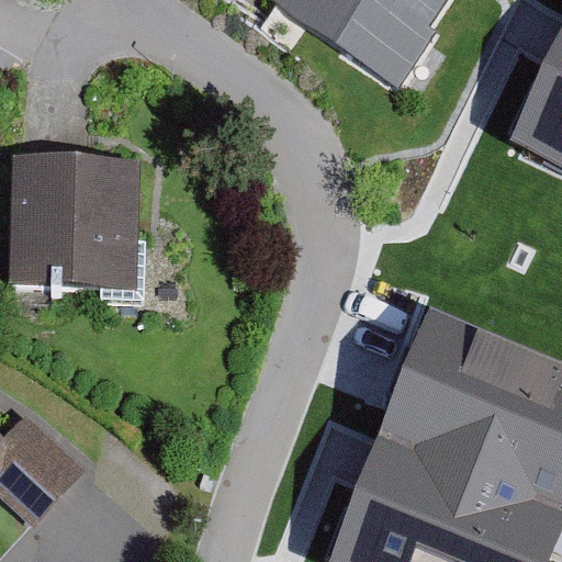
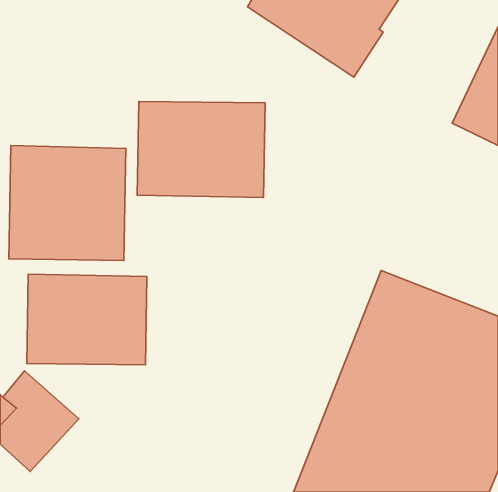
building: none -> [137,101,265,197]
building: none -> [27,274,147,365]

